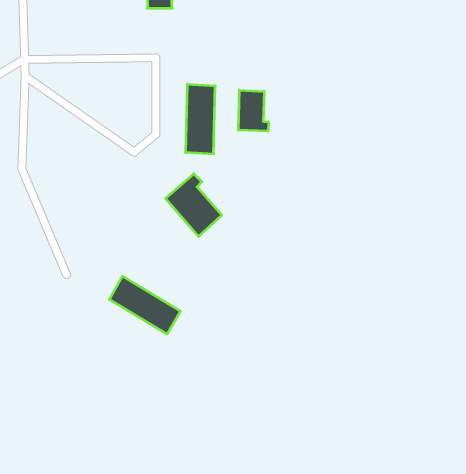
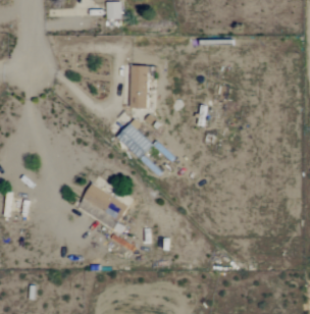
building: [238,90,269,131] -> none

